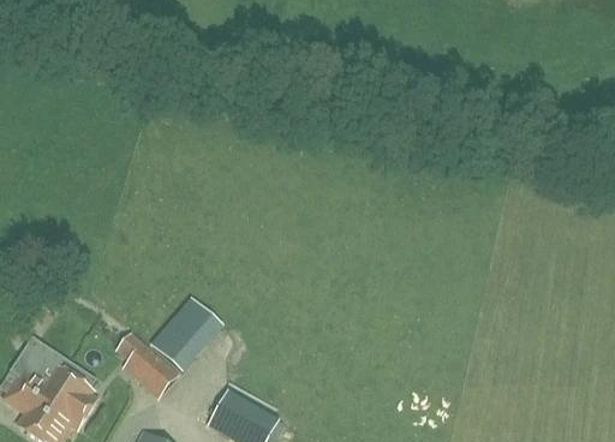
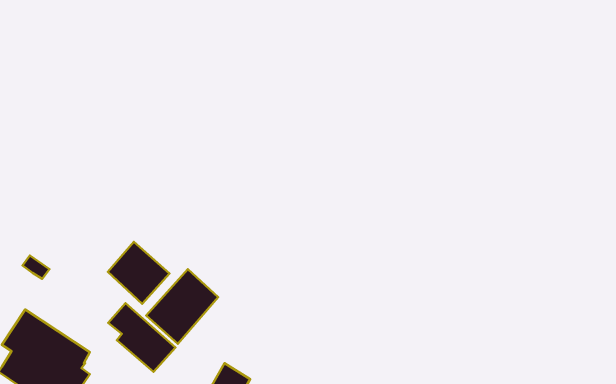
building: none -> [108,242,169,304]

